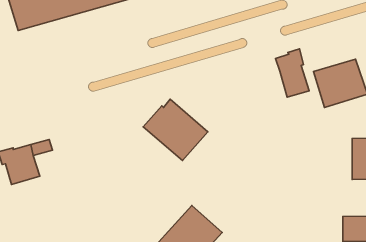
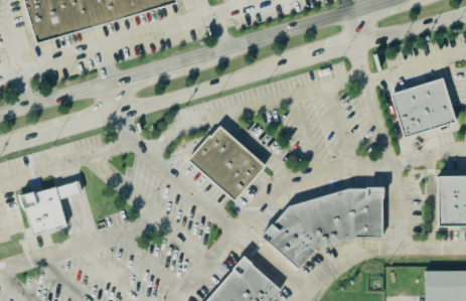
building: [276,49,309,97] -> none
building: none -> [264,186,384,267]

